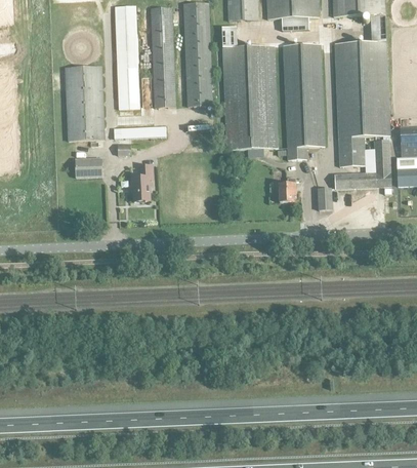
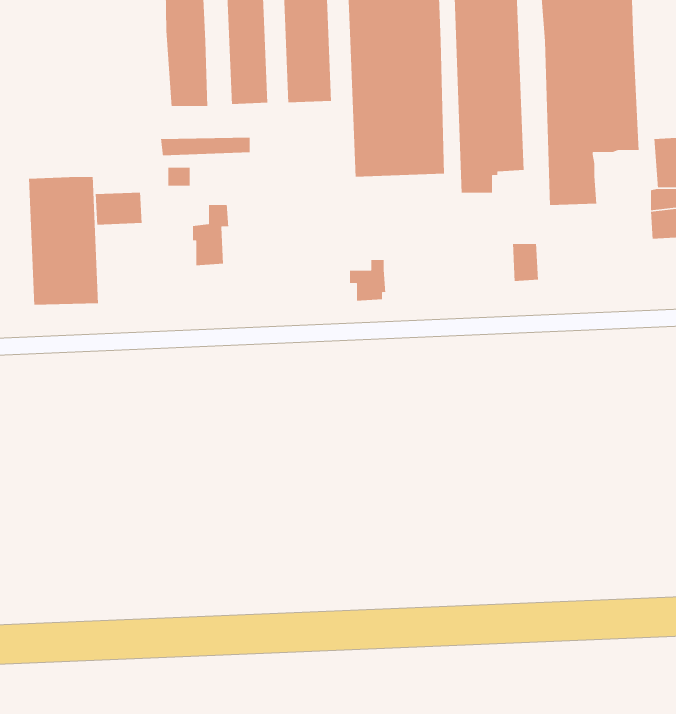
building: [64,66,105,141] -> [28,176,99,305]
building: [333,134,390,189] -> none
building: [275,178,296,202] -> [349,259,386,302]

